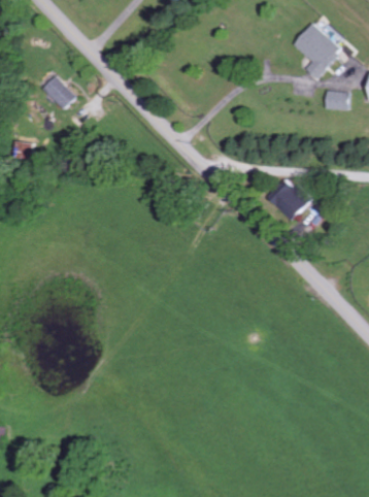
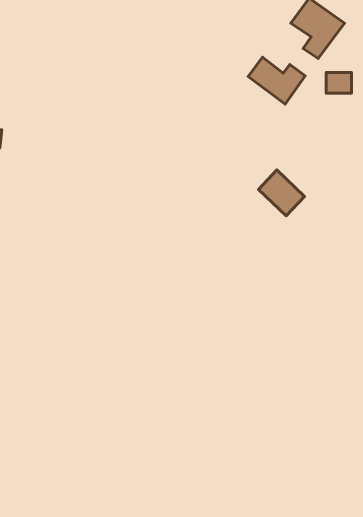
building: [43,75,76,109] -> none
building: none -> [248,57,305,104]

